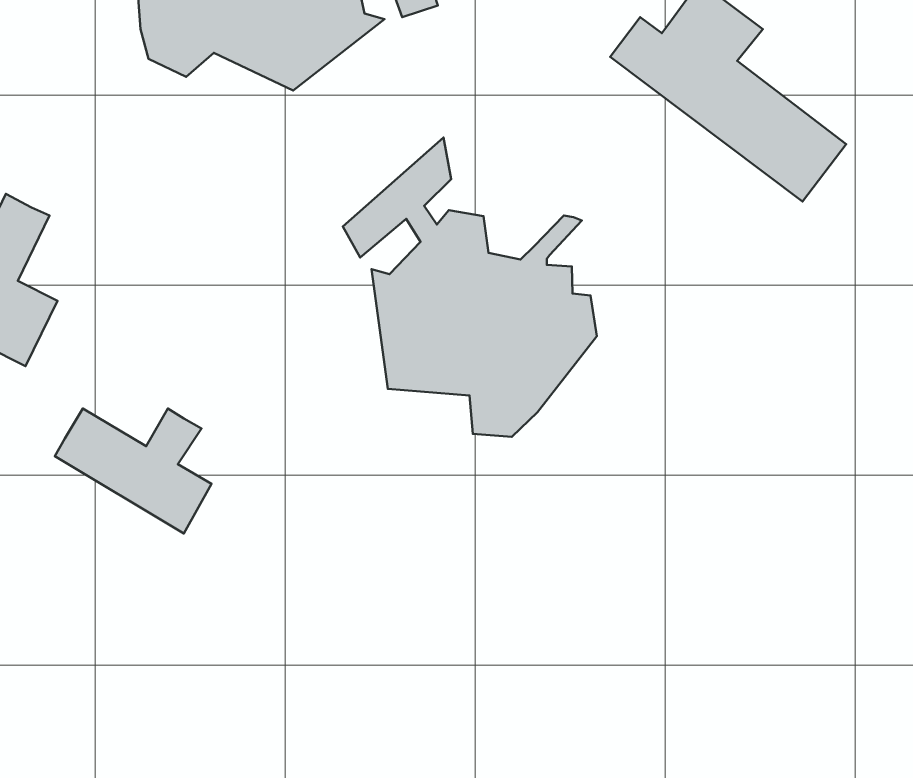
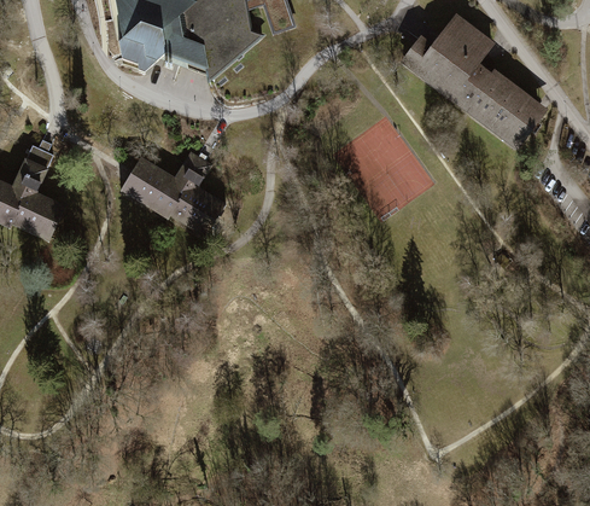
building: [343,138,597,437] -> none
building: [55,409,212,533] -> [119,155,215,231]

